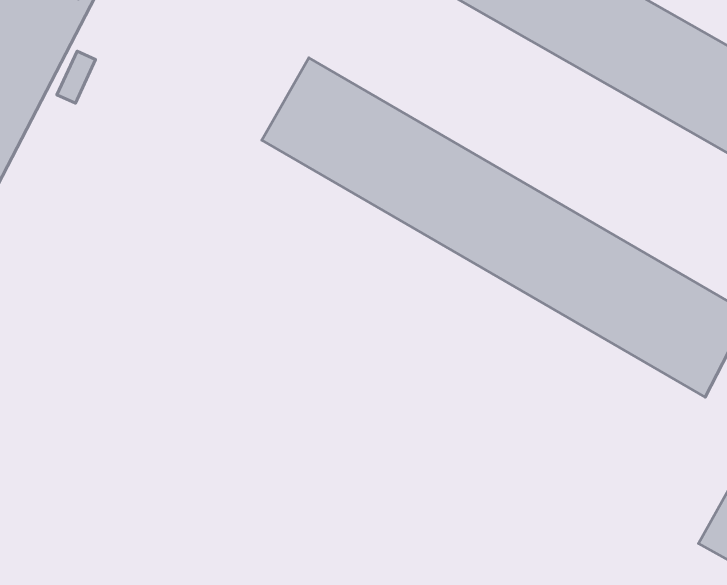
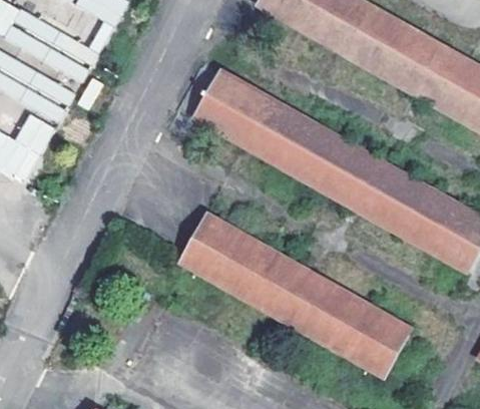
building: none -> [180,214,400,368]

